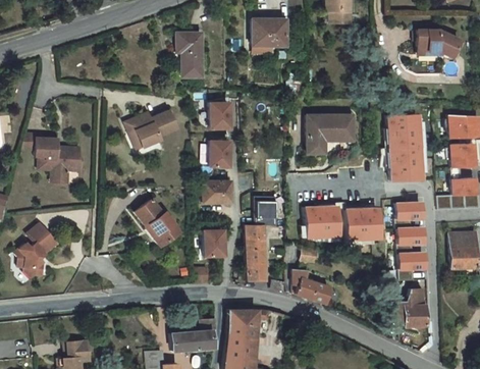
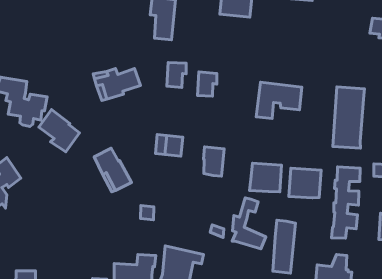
building: [207,145,227,170] -> [197,72,217,96]
building: none -> [39,110,80,152]
building: [246,221,266,276] -> [273,220,296,273]
building: [201,227,221,253] -> none

